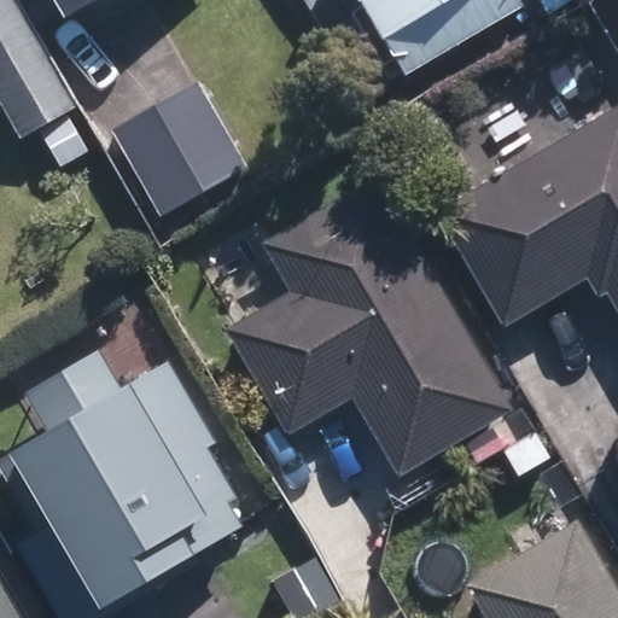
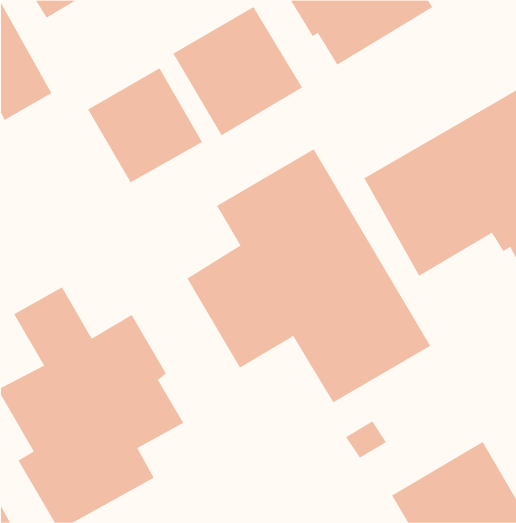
building: none -> [173,6,303,136]

